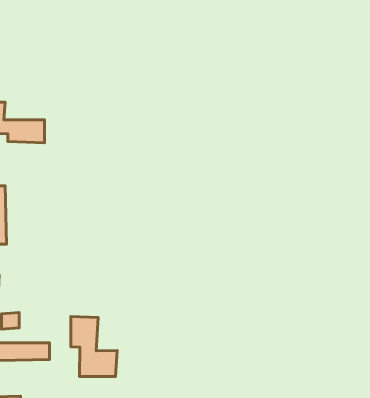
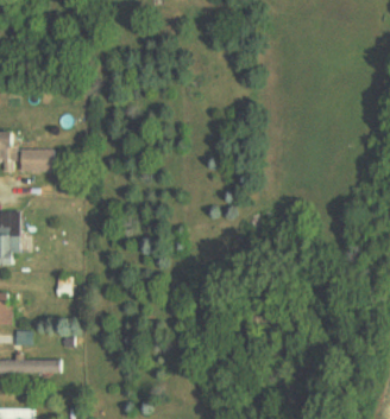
building: [71,317,117,376] -> none

